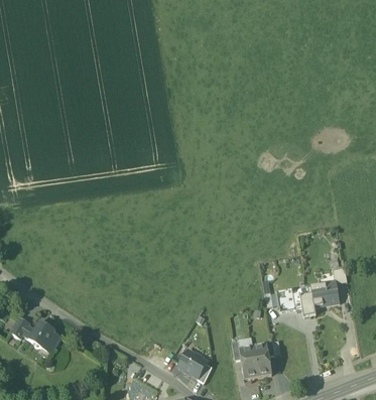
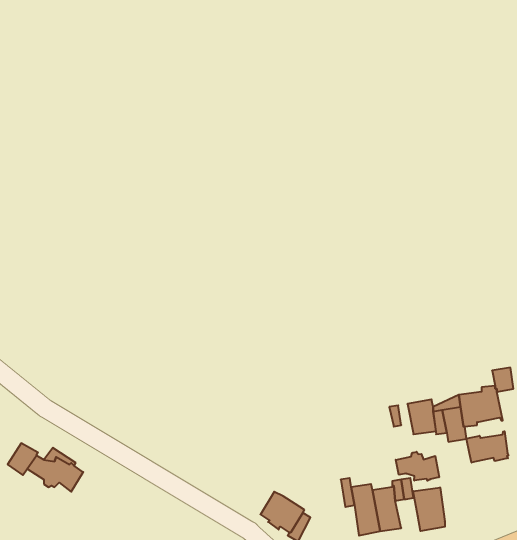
building: none -> [466,431,508,463]
building: none -> [396,452,439,481]
building: none -> [413,487,445,531]

